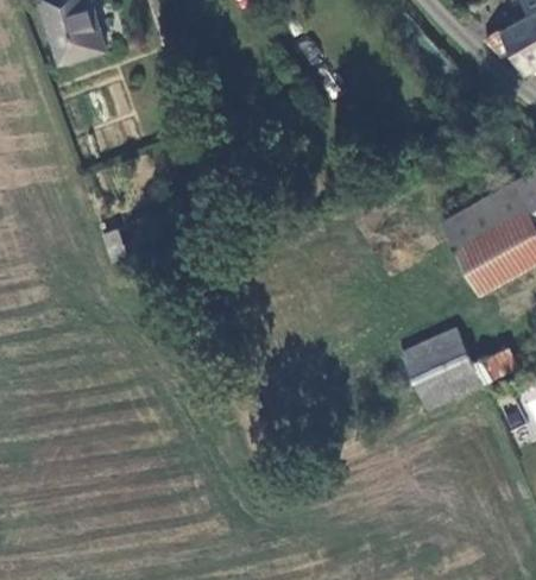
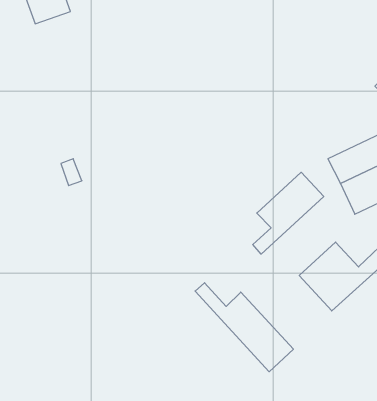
building: none -> [253,172,324,254]
building: none -> [195,283,293,372]

